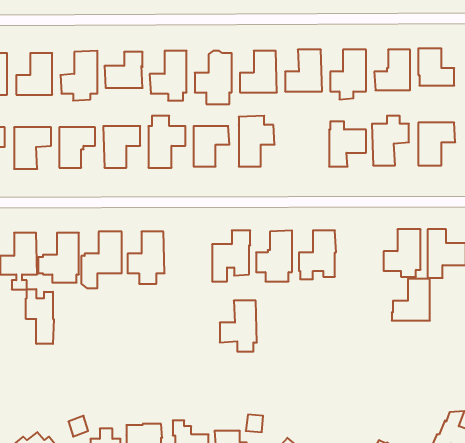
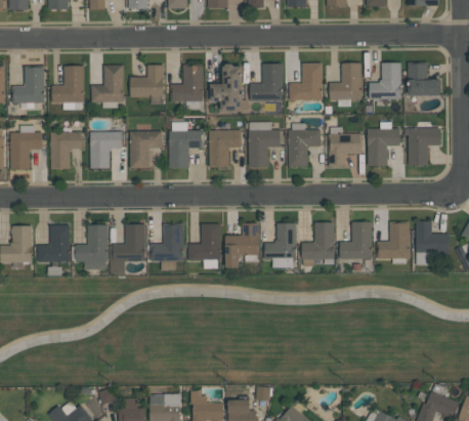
building: none -> [289,123,321,166]
building: [392,279,430,321] -> [338,221,372,258]
building: [26,289,54,344] -> none
building: [220,301,257,352] -> [188,223,221,268]

